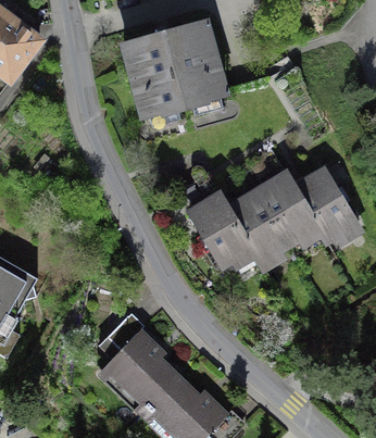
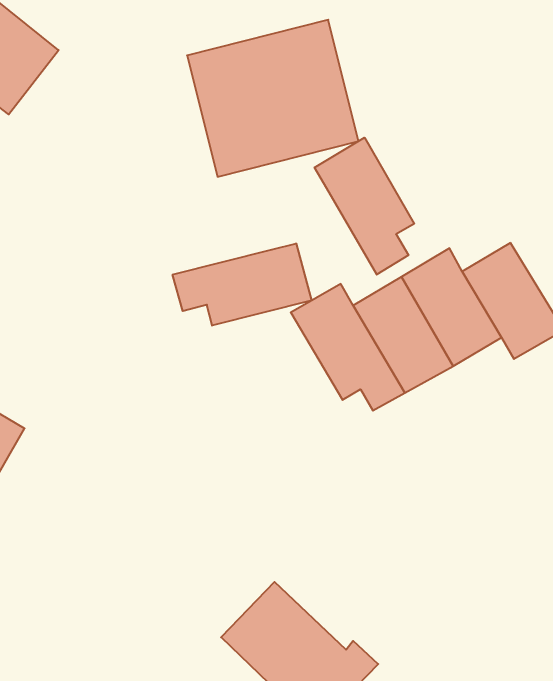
building: none -> [315,138,414,275]
building: none -> [173,243,311,326]
building: [98,312,178,406] -> none

